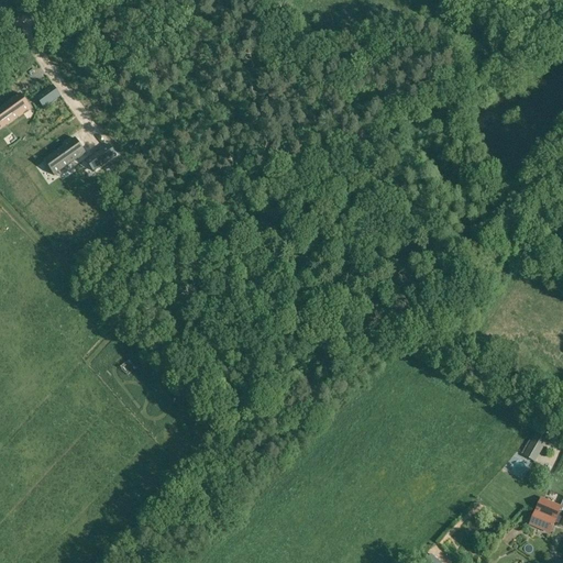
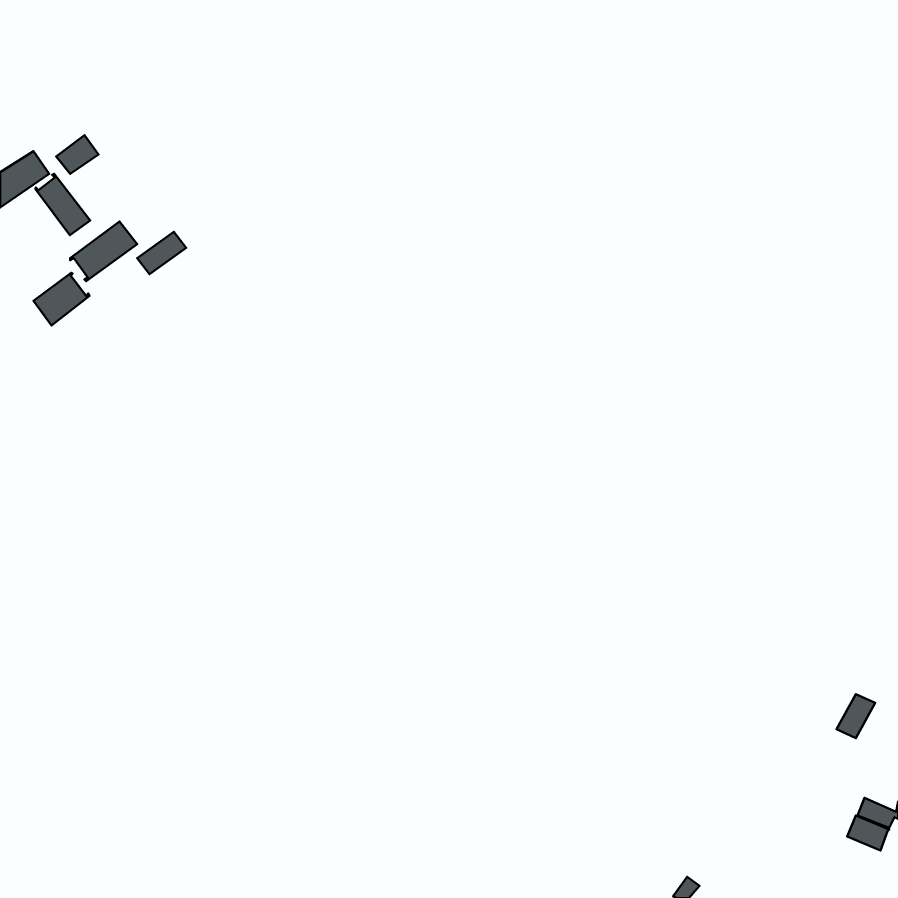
building: none -> [35,174,90,235]
building: none -> [33,273,89,325]

